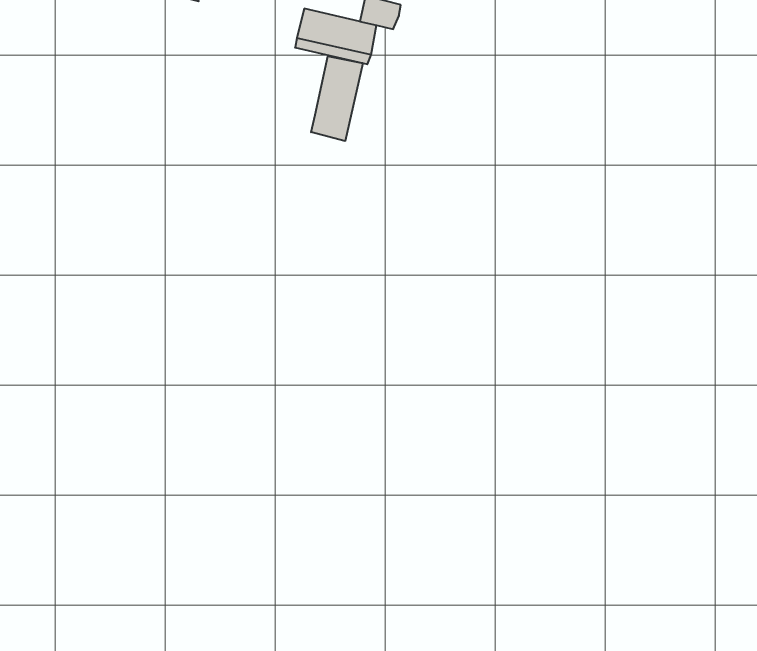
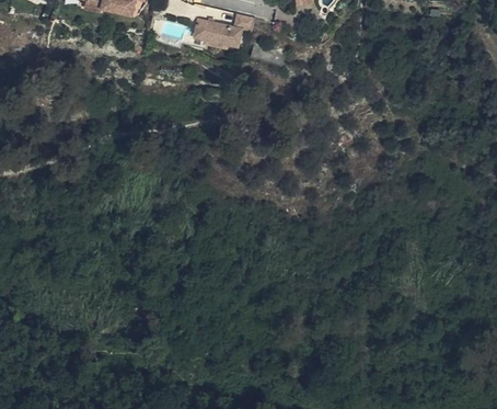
building: [311,56,363,141] -> none

